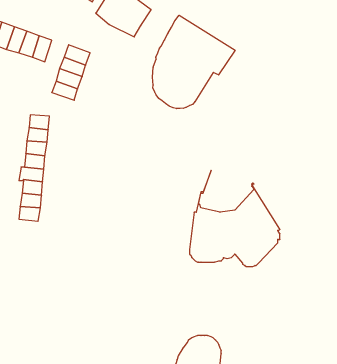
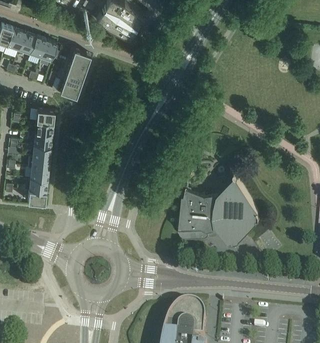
building: [152,15,235,109] -> none

